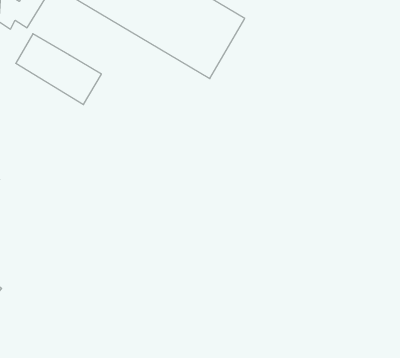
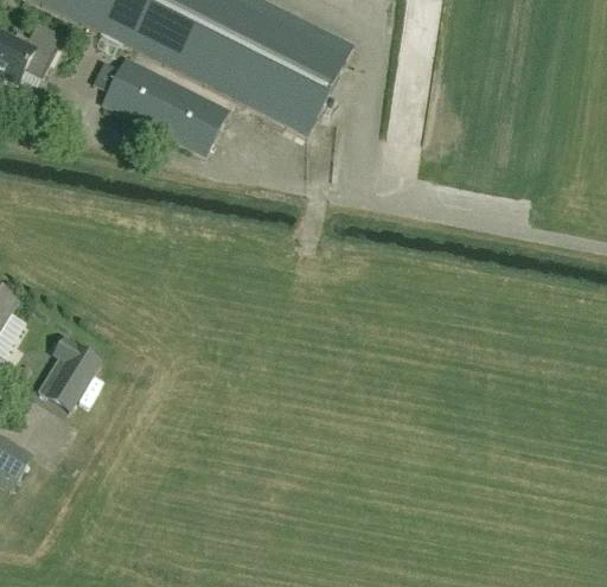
building: [16,34,101,105] -> [103,57,226,153]
building: none -> [39,336,100,408]

